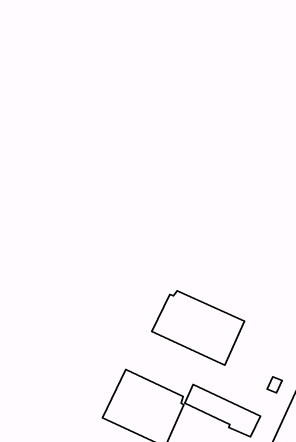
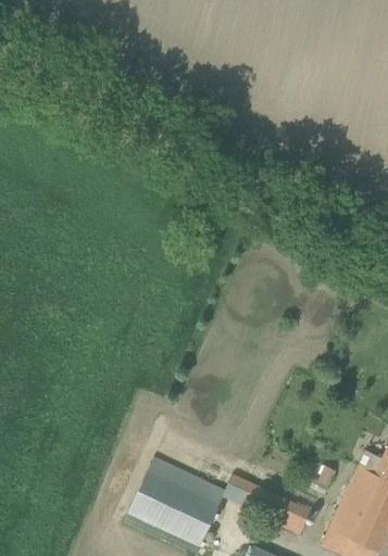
building: [152,291,244,365] -> none

